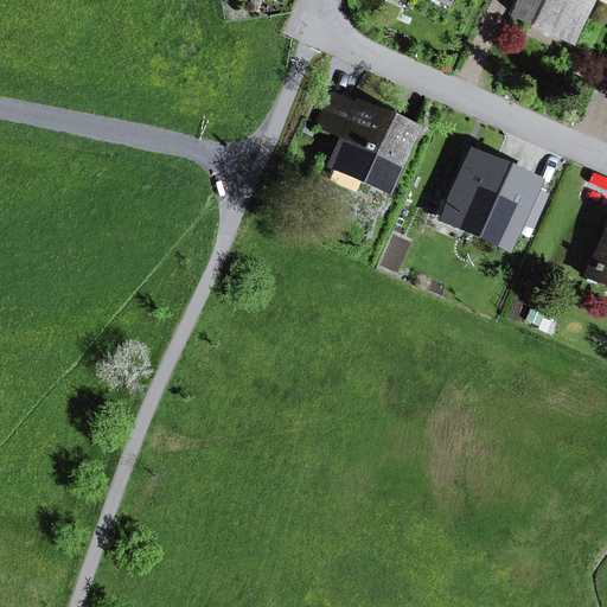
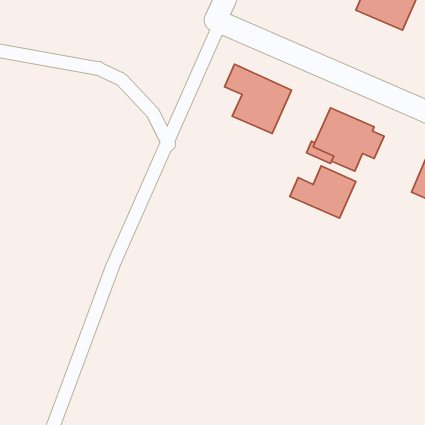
building: none -> [290,166,356,218]

